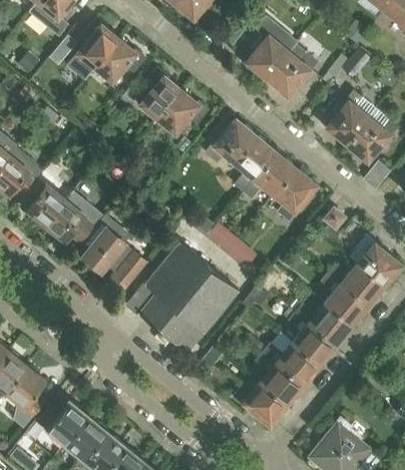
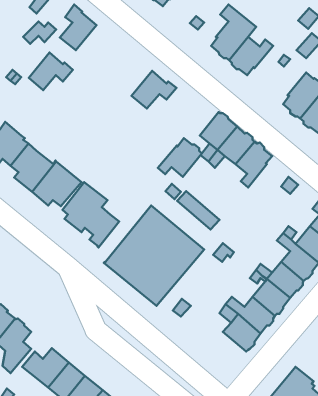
building: [95,40,144,82] -> [29,53,73,90]
building: [140,69,180,119] -> none
building: [206,120,255,163] -> [158,138,202,177]
building: [234,383,286,425] -> none

